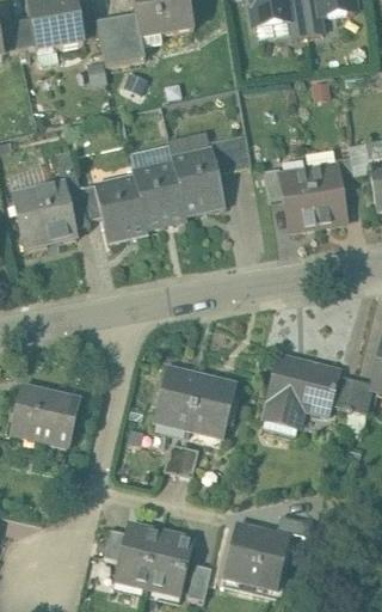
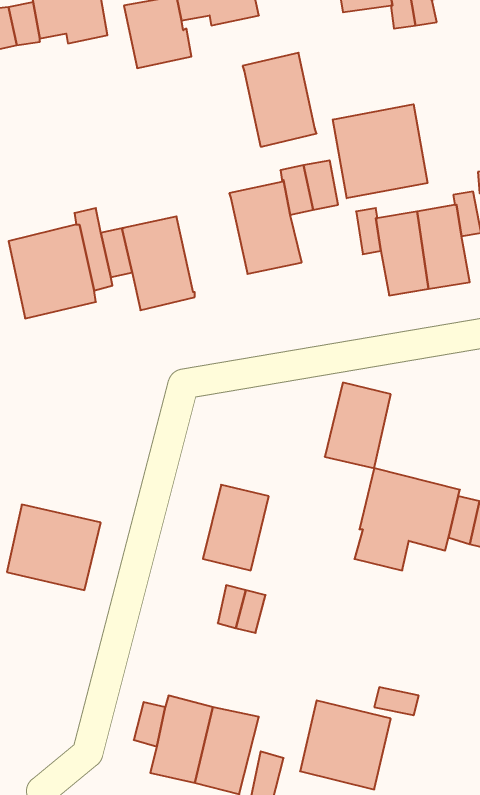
building: none -> [333,104,427,198]
building: [133,160,186,228] -> [243,53,317,147]
building: [187,377,235,439] -> [325,383,391,468]

